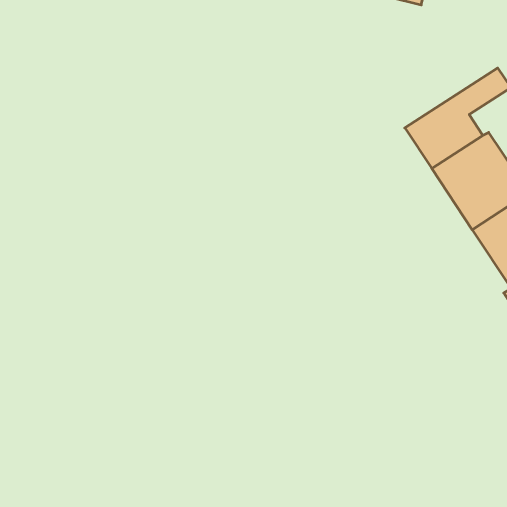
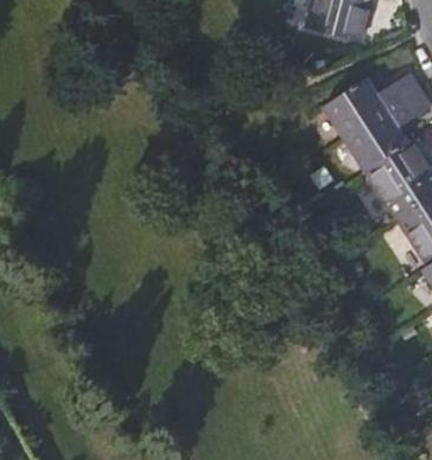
building: none -> [326,75,419,139]

